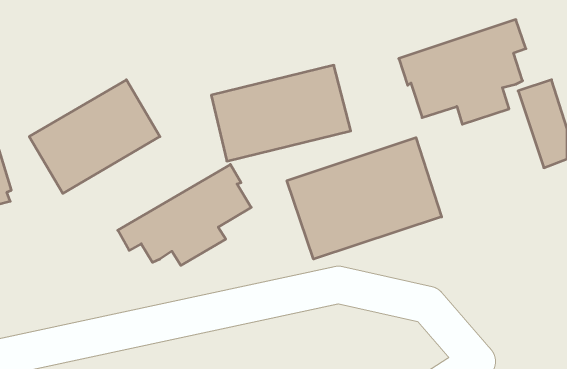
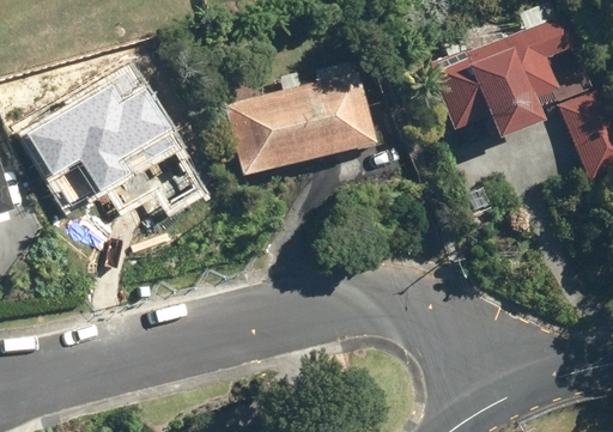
building: [287,138,442,259] -> none
building: [118,164,251,265] -> none

